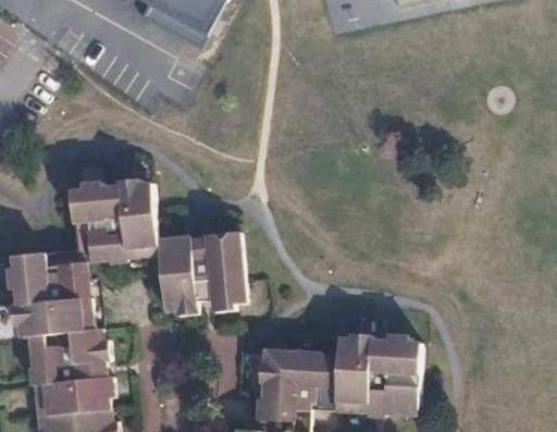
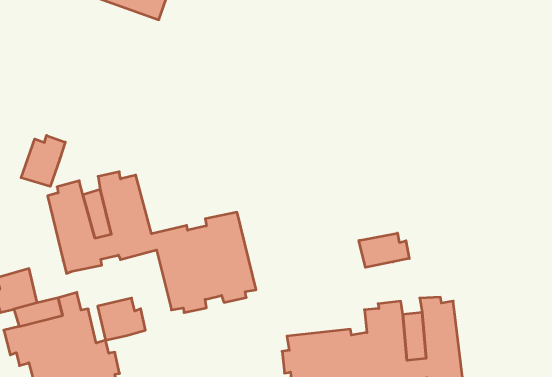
building: none -> [21,135,65,186]
building: [44,248,83,282] -> [98,298,145,340]
building: none -> [359,233,409,267]

